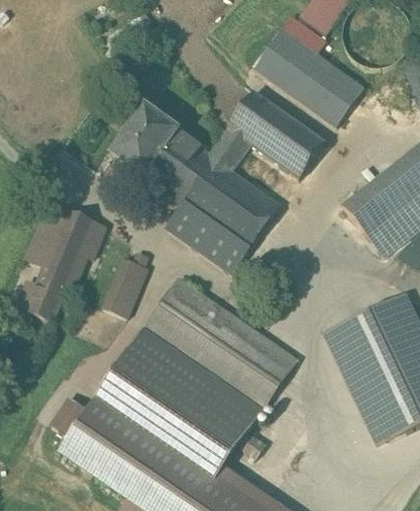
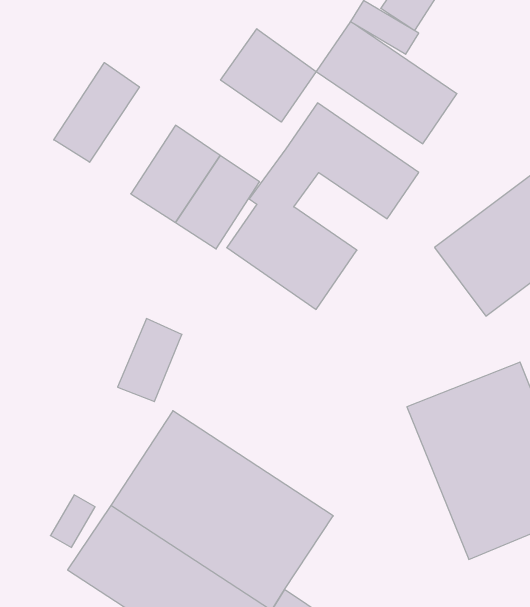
building: none -> [221,29,316,122]
building: none -> [54,63,139,162]
building: [12,202,106,329] -> none
building: [164,203,252,277] -> none
building: [141,275,300,410] -> none

